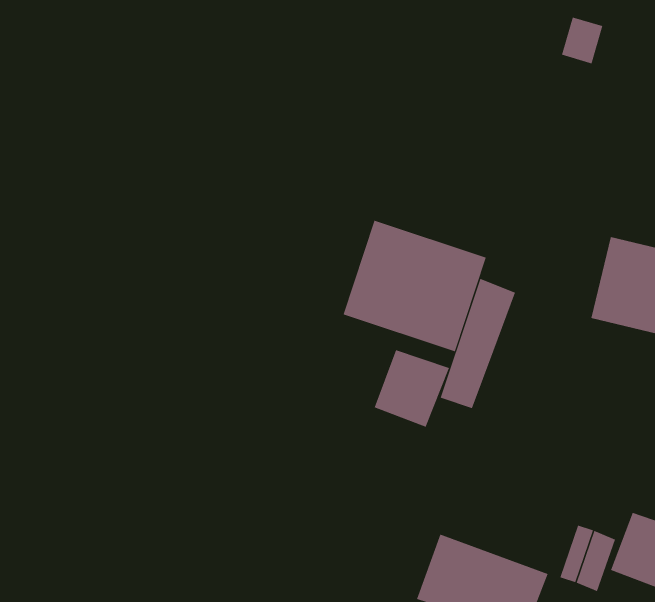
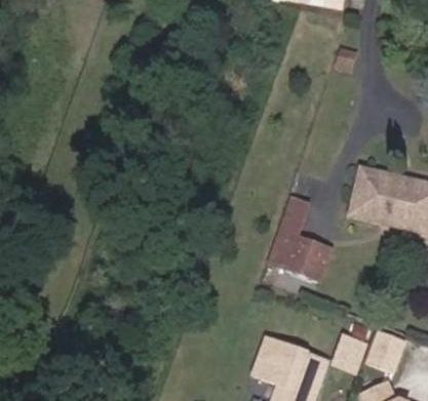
building: [343,220,486,352] -> none
building: [374,350,450,428] -> [284,234,327,278]

